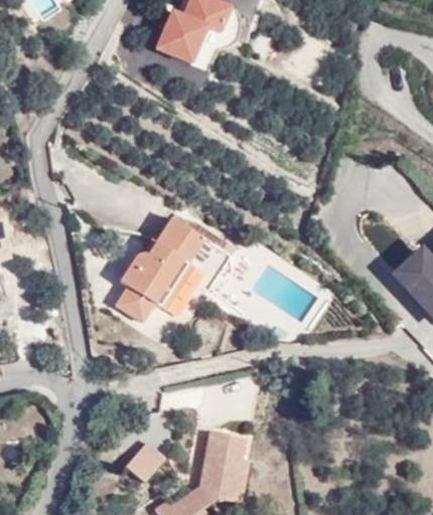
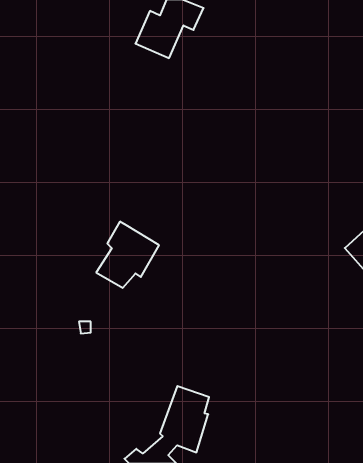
building: [151,214,241,288] -> none
building: [121,442,161,480] -> none

